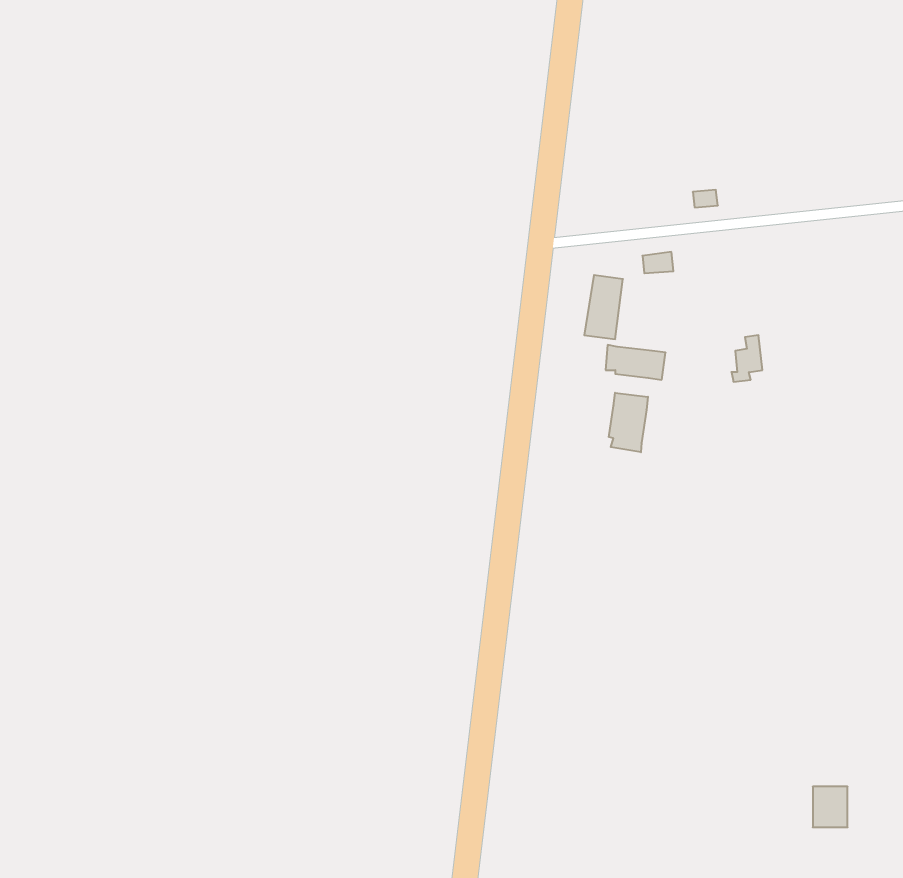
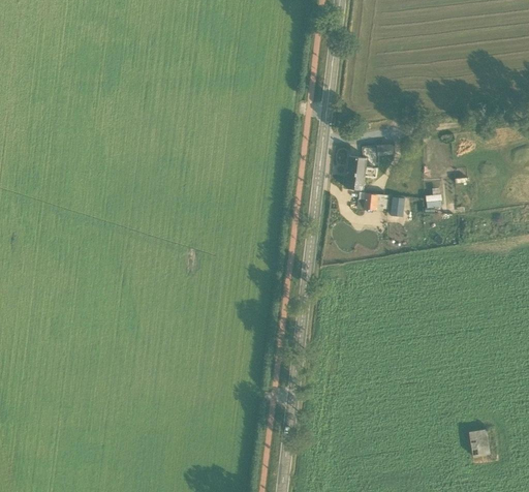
building: [609,393,648,452] -> none

